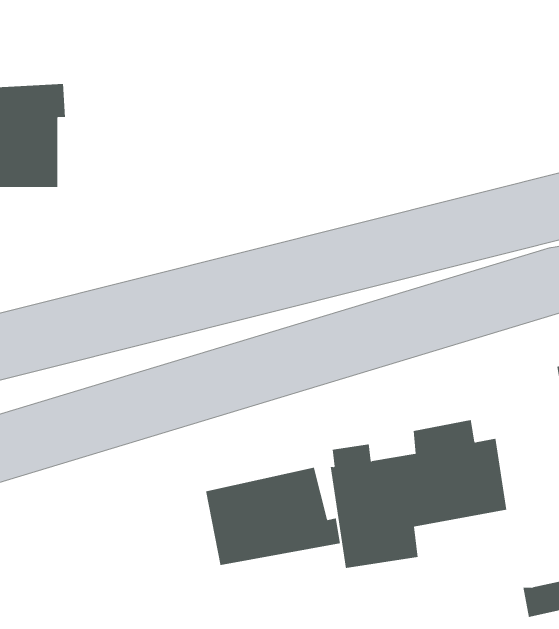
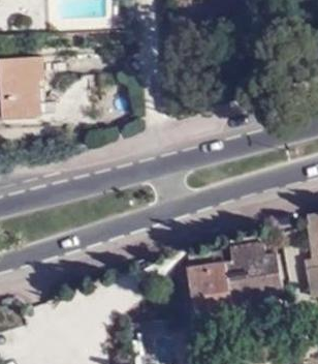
building: [206,467,341,566] -> none

